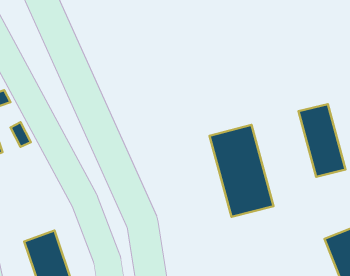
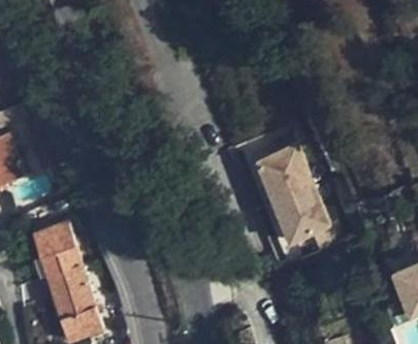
building: [299,104,346,177] -> none
building: none -> [32,223,81,279]

